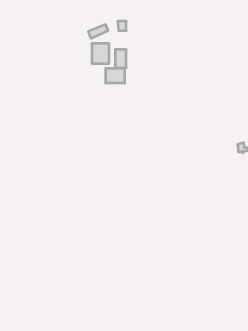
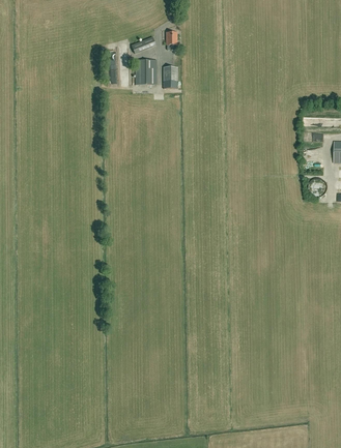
building: [106,68,125,83] -> none

